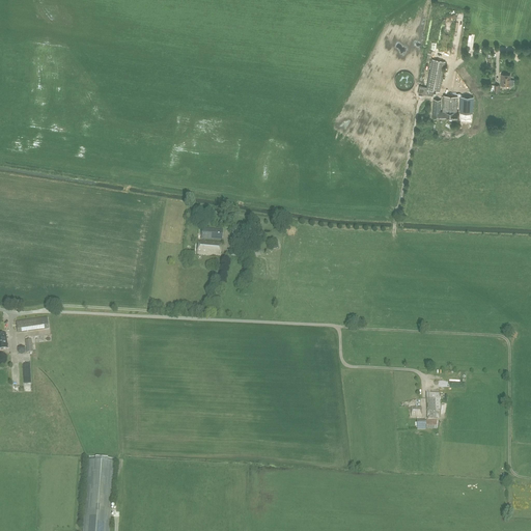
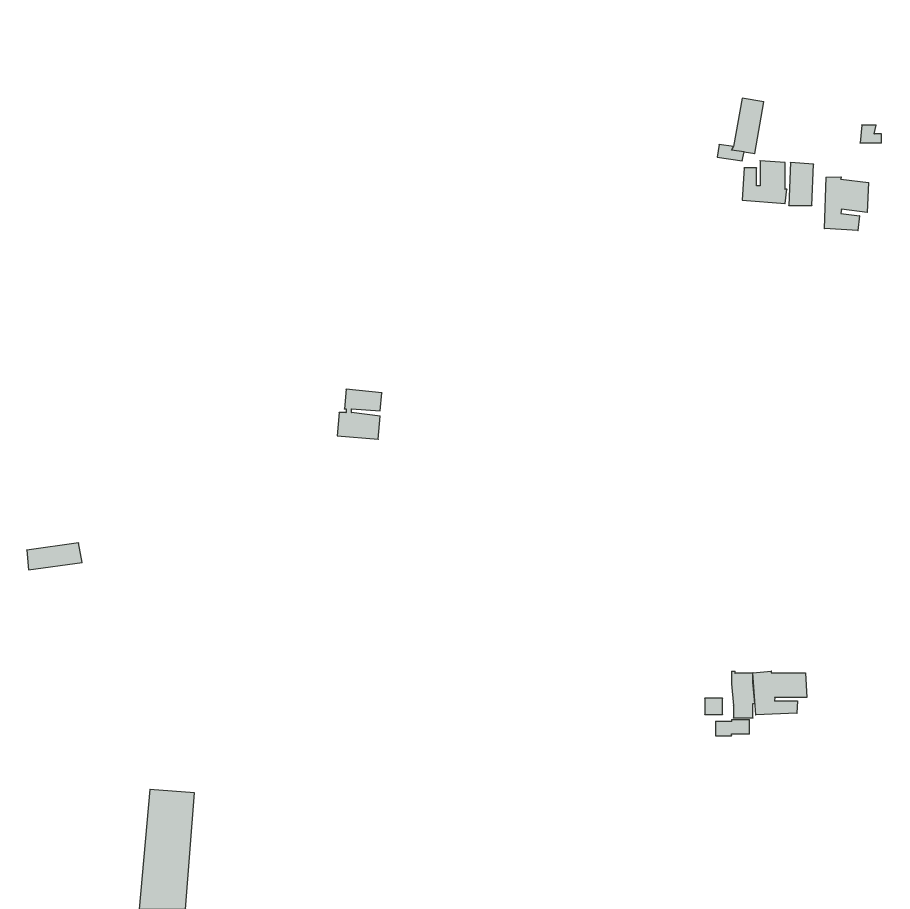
building: none -> [824,177,869,231]
building: none -> [753,671,807,715]

